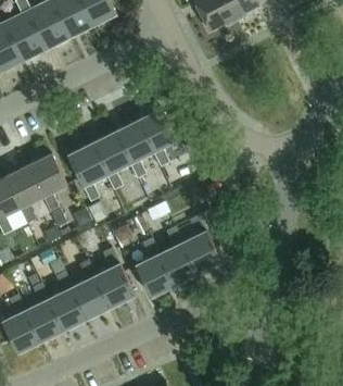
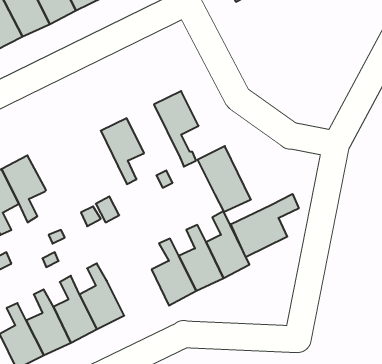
building: [115,121,162,178] -> [198,146,251,212]
building: [68,144,107,202] -> none
building: [28,153,67,226] -> none
building: none -> [231,194,299,257]
building: [98,248,136,306] -> none

